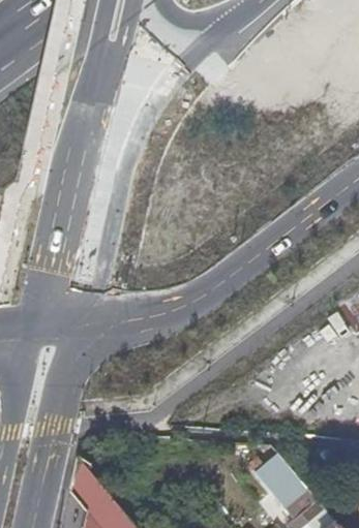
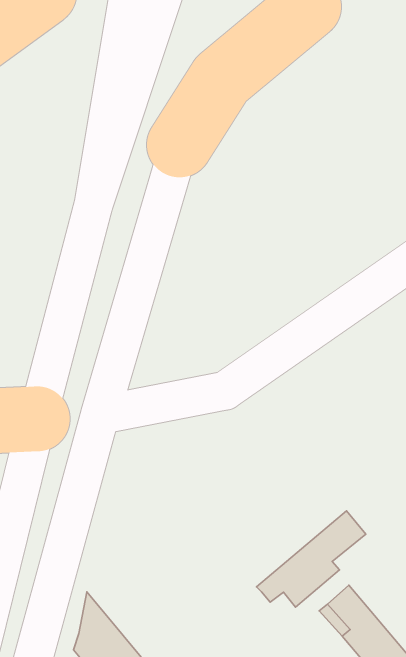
building: none -> [257,511,366,607]

